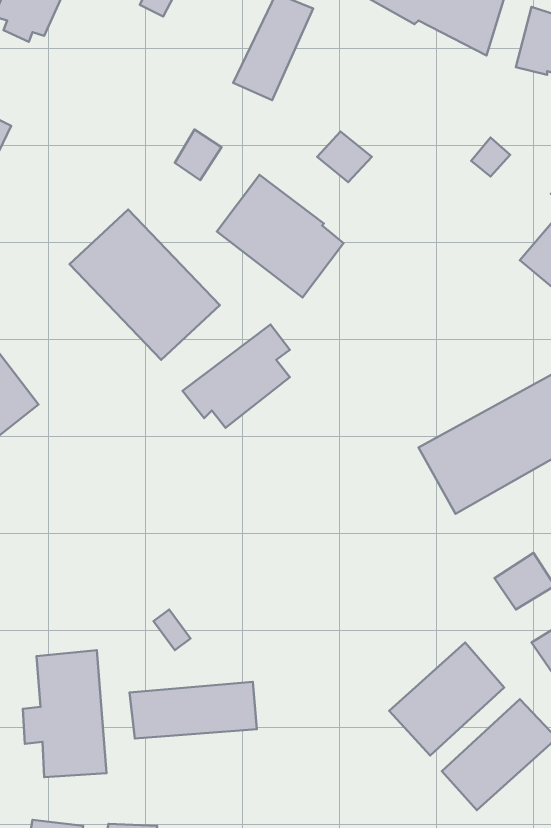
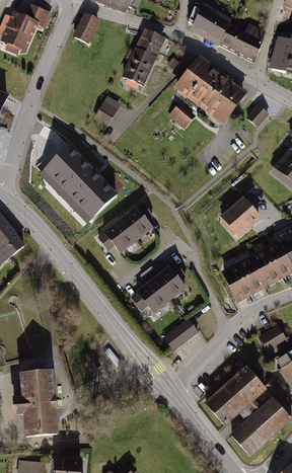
building: [217,175,343,298] -> [176,57,242,121]
building: none -> [220,198,262,239]
building: none -> [130,261,187,314]
building: none -> [162,317,199,350]
building: [129,682,257,738] -> none

